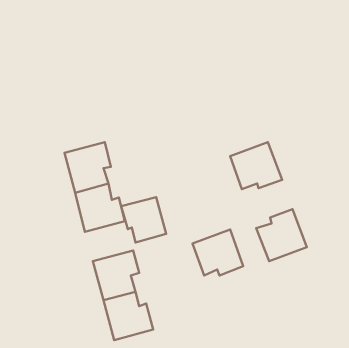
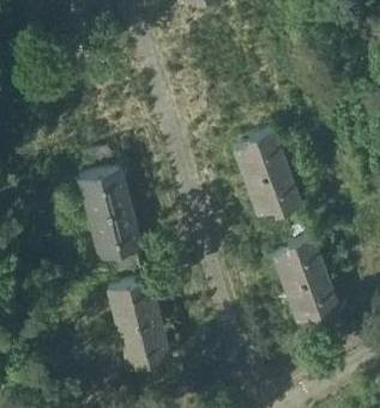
building: none -> [235,130,285,183]
building: [121,197,166,242] -> none
building: [192,230,243,275] -> [286,275,338,322]

